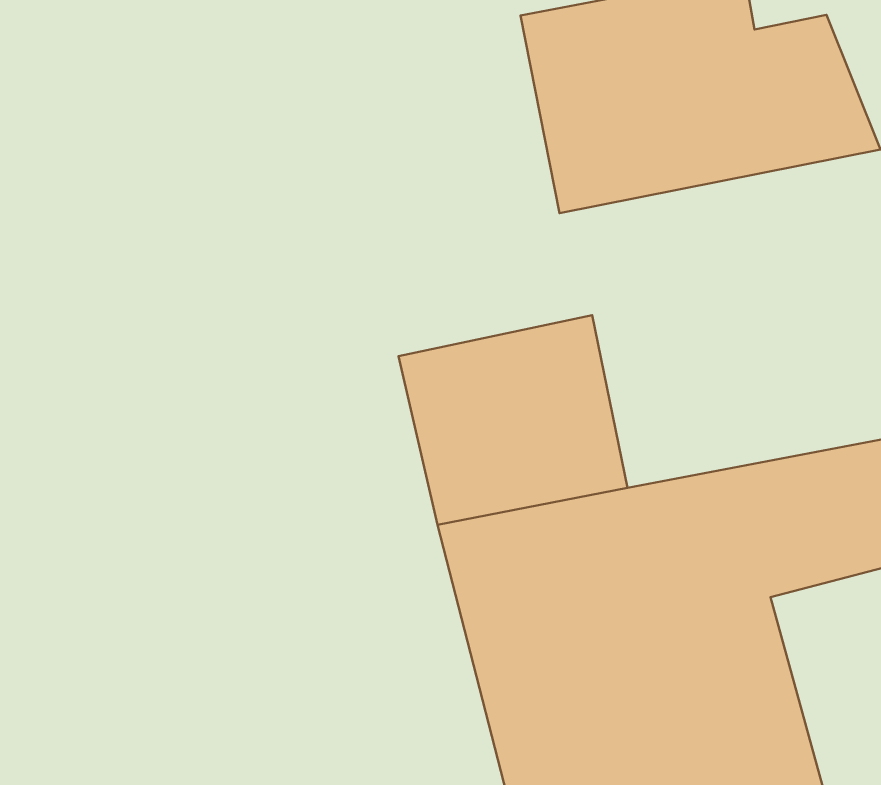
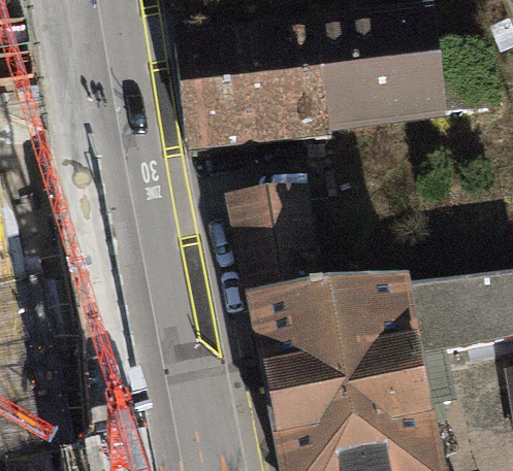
building: none -> [182,30,326,154]

